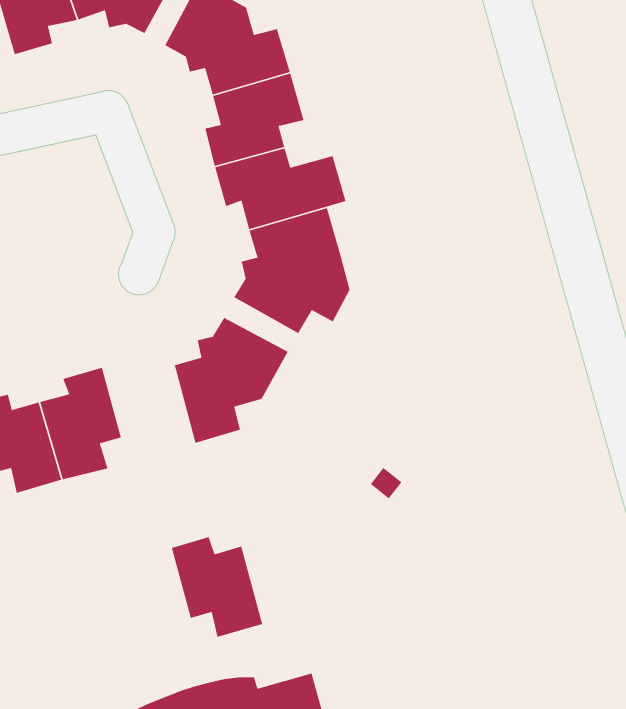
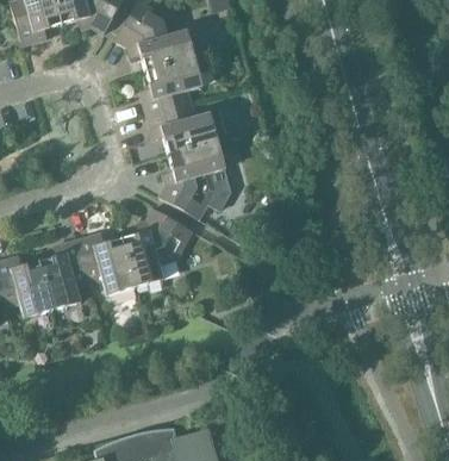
building: [171,536,263,638] -> [77,232,135,295]

